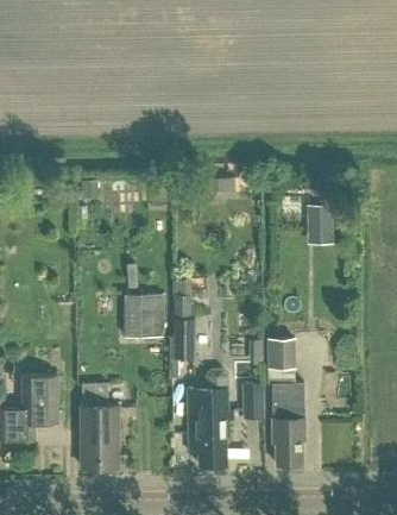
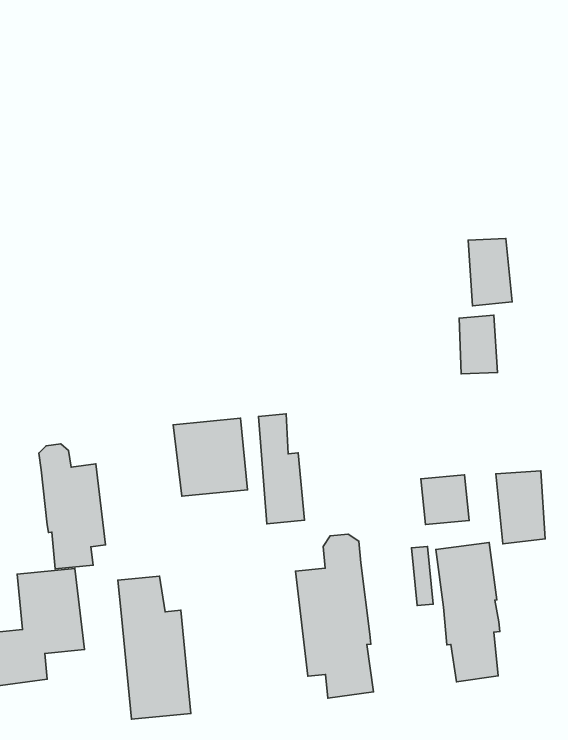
building: none -> [459,315,498,374]
building: none -> [39,444,106,569]
building: none -> [496,471,545,544]

